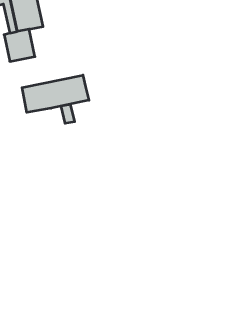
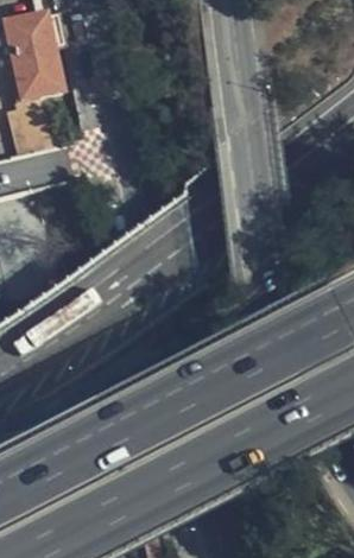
building: [22,75,89,112] -> none

